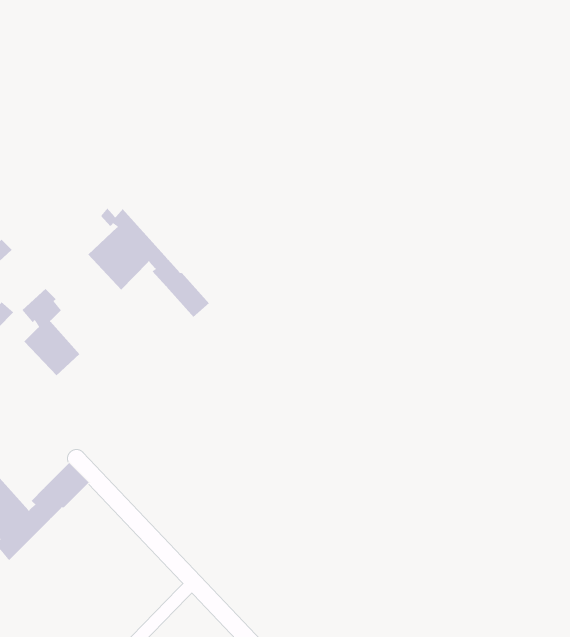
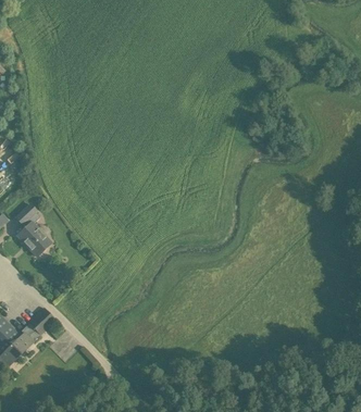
building: [87,208,210,318] -> none

